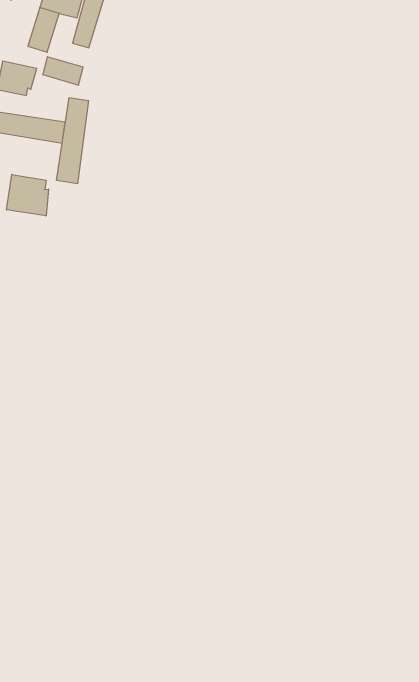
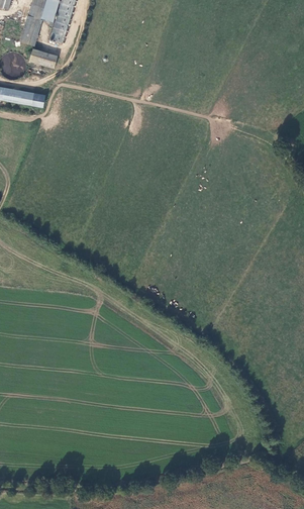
building: [57,98,89,184] -> none
building: [6,174,49,216] -> none

